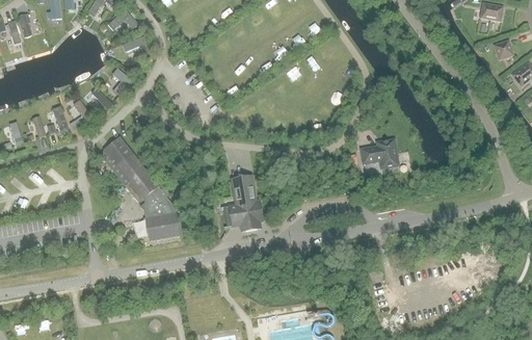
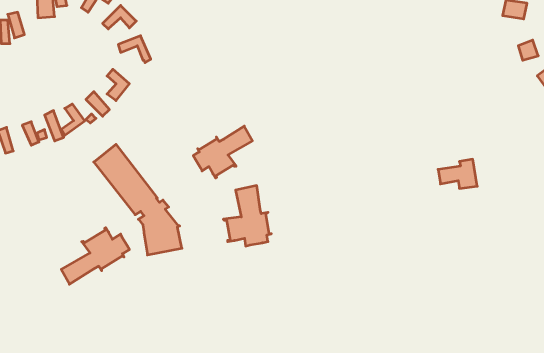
building: none -> [193,126,252,178]
building: [361,139,397,166] -> [438,159,477,188]
building: none -> [61,228,129,284]

